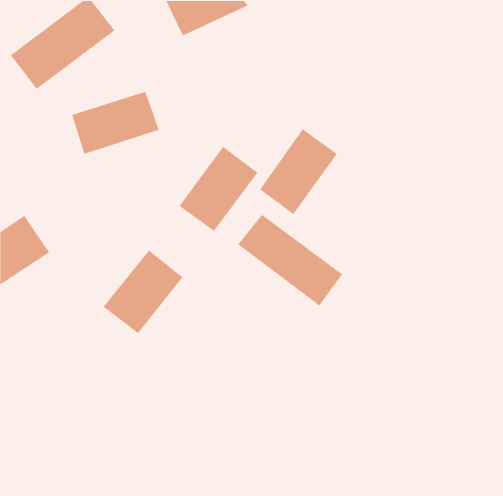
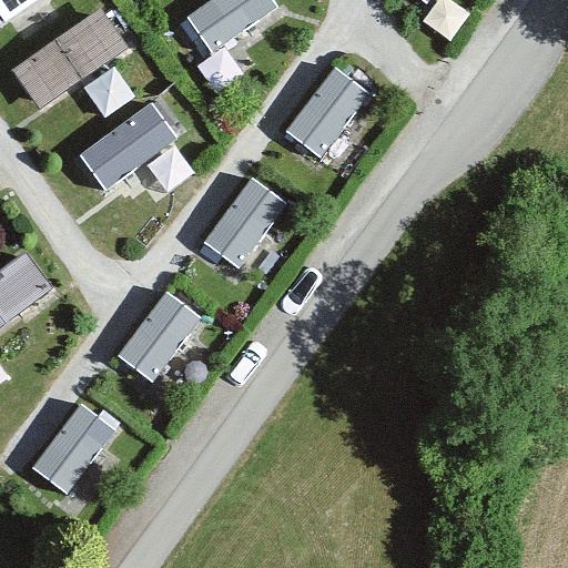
building: [259,128,338,215] -> [282,63,371,161]
building: [237,214,343,306] -> none
building: none -> [31,400,116,495]

